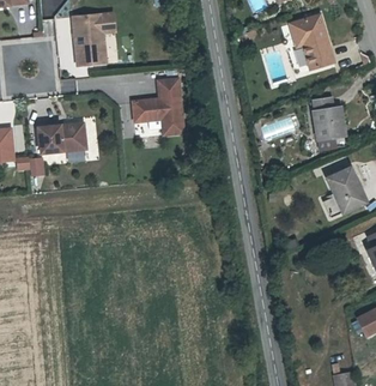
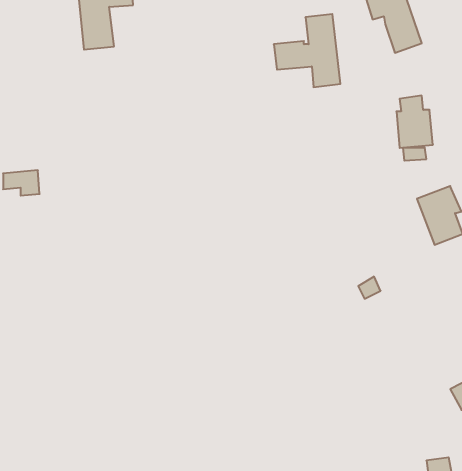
building: [133,78,183,133] -> [274,14,340,87]
building: [38,125,85,153] -> none

